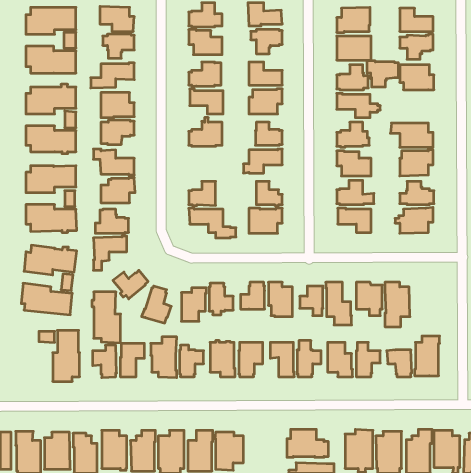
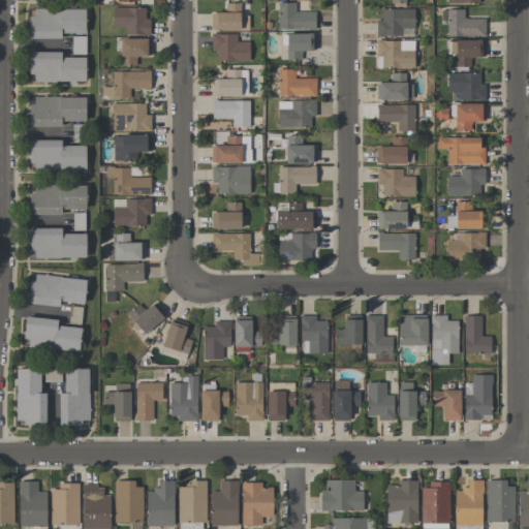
building: [367,61,398,87] -> [452,102,487,131]
building: none -> [213,166,251,193]
building: none -> [464,316,492,353]
building: [92,292,121,343] -> [15,369,48,426]

